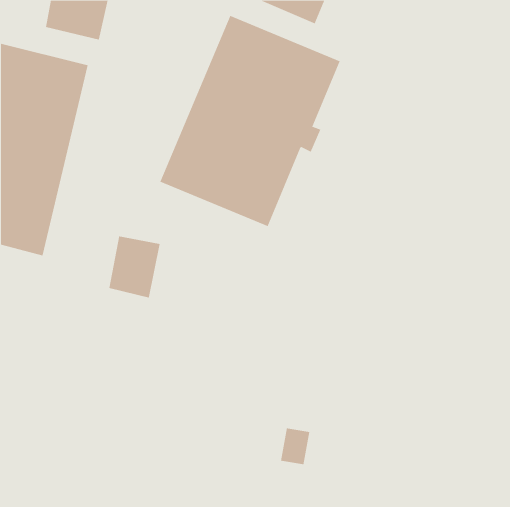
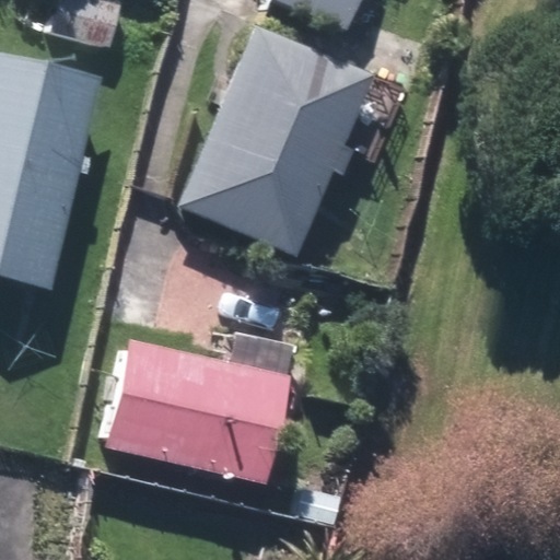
building: none -> [106,340,290,481]

